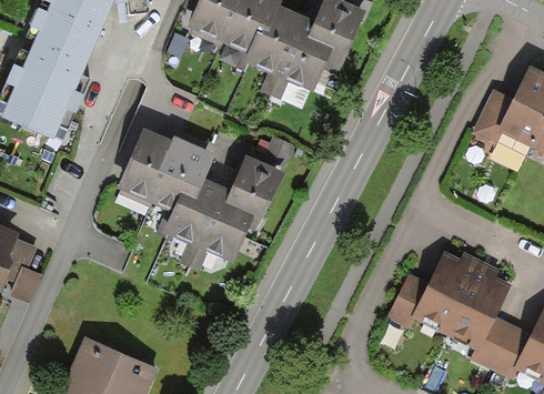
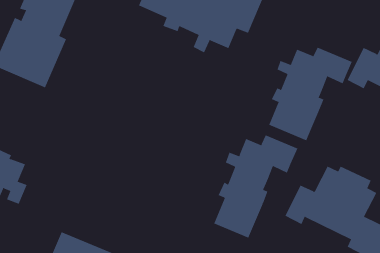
building: none -> [269,47,353,141]
building: [118,129,284,269] -> none
building: none -> [214,135,298,238]

